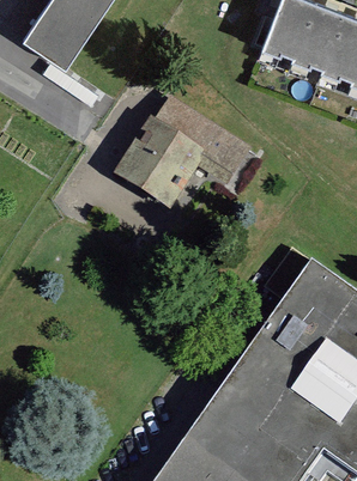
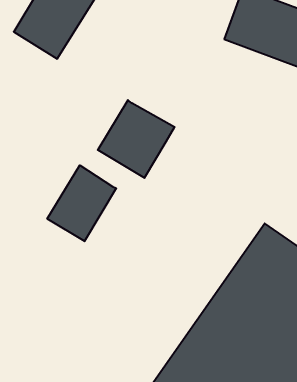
building: [155,102,249,187] -> none
building: none -> [47,165,116,241]

